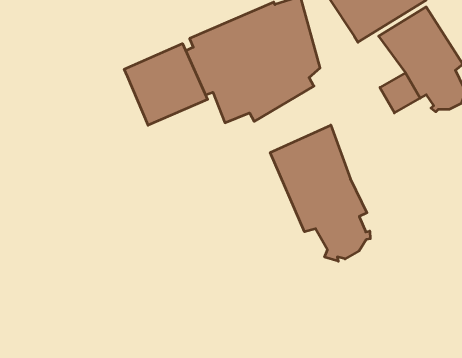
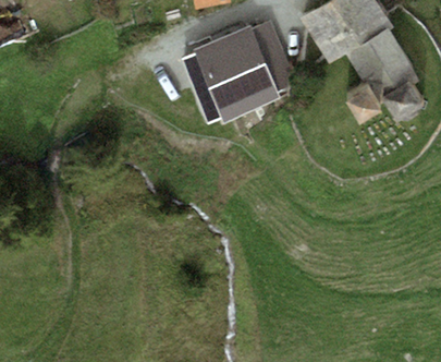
building: [124,44,208,125] -> none
building: [270,125,370,261] -> none

